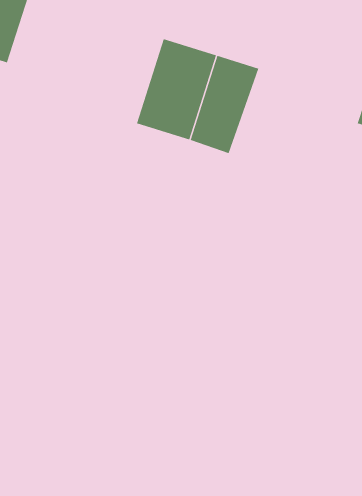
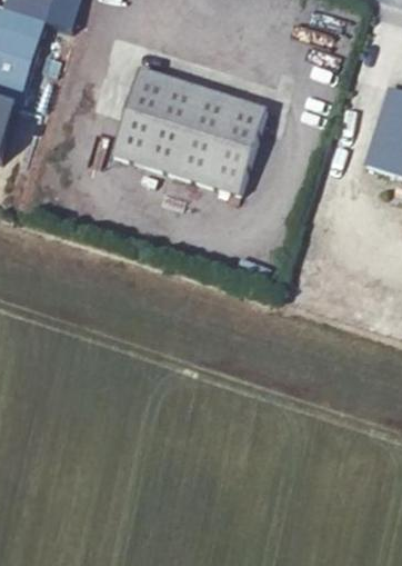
building: none -> [112,70,173,165]

